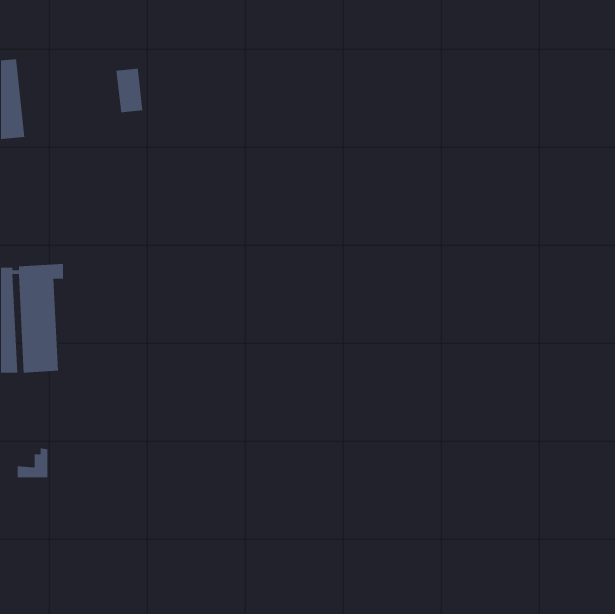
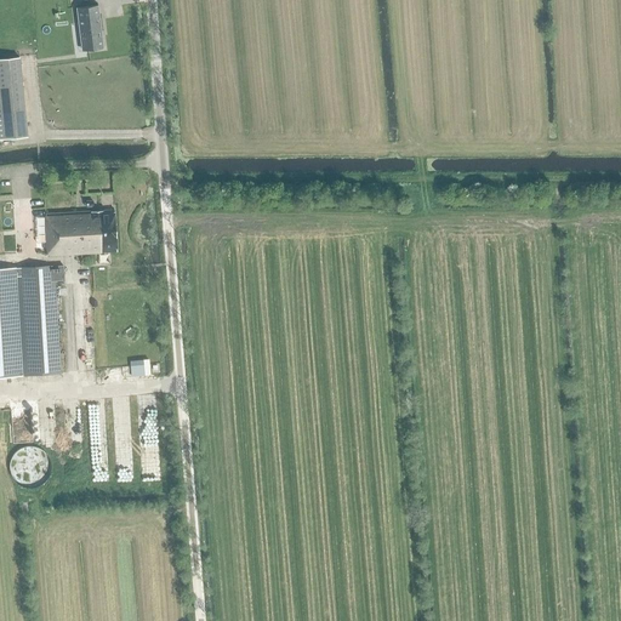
building: [116,68,143,113] -> [75,7,103,52]
building: none -> [42,209,114,253]

